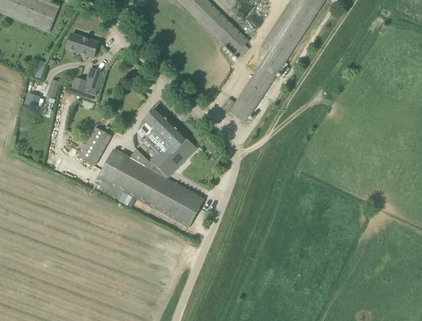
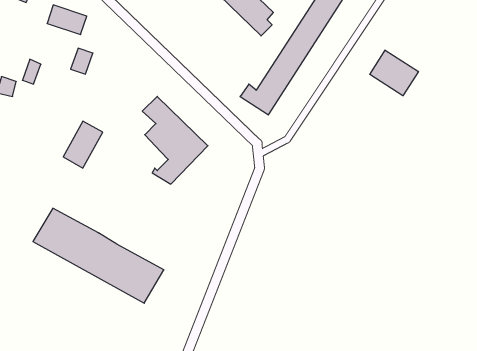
building: none -> [370,50,418,96]
building: [98,149,204,226] -> [33,208,164,303]

